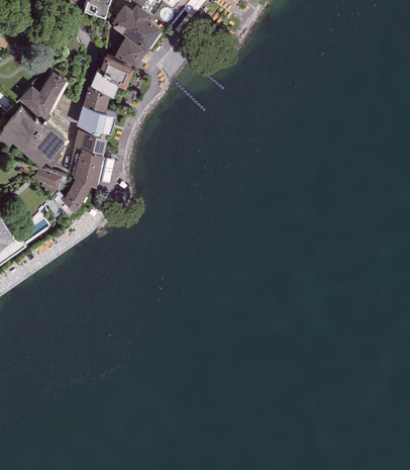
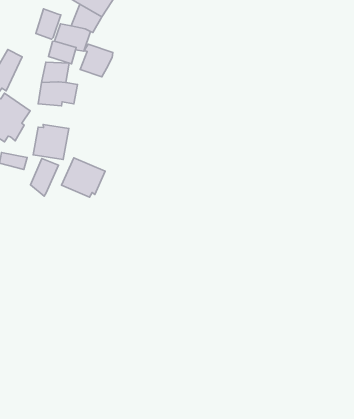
building: none -> [36,9,61,39]
building: none -> [80,44,113,77]
building: [74,131,107,153] -> none
building: none -> [62,158,105,197]

